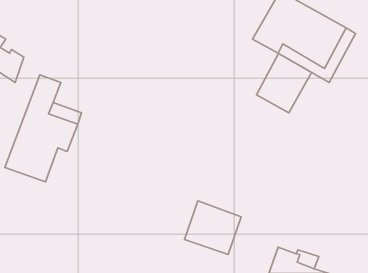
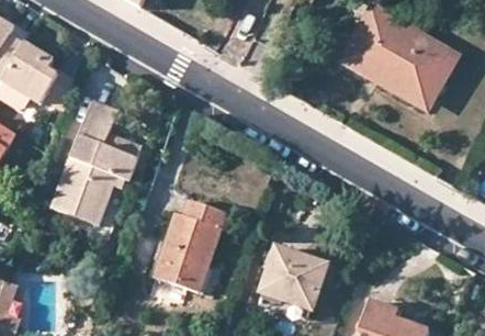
building: [256,54,312,113] -> none
building: none -> [154,201,226,292]

